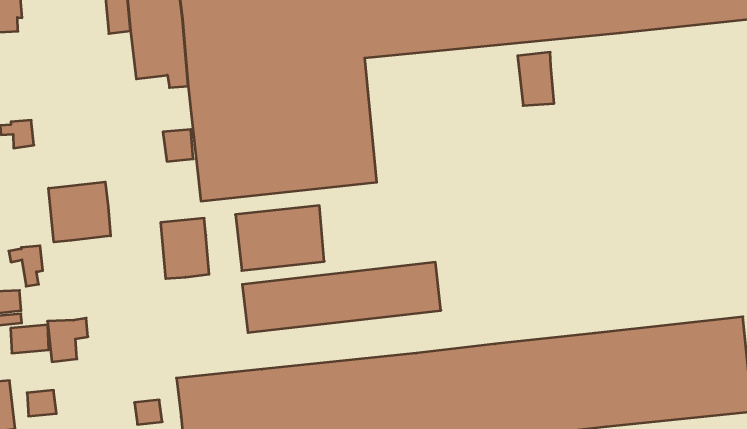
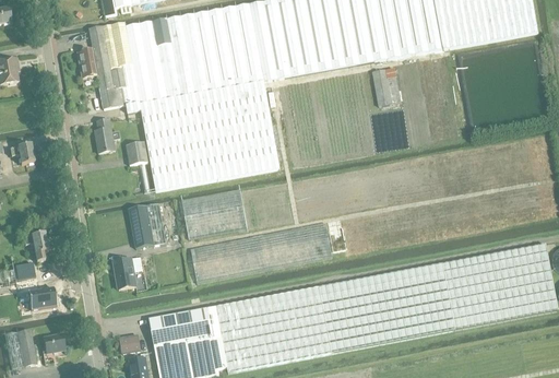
building: none -> [95,118,119,152]
building: [49,182,111,242] -> none
building: [47,318,88,362] -> [114,256,143,288]

